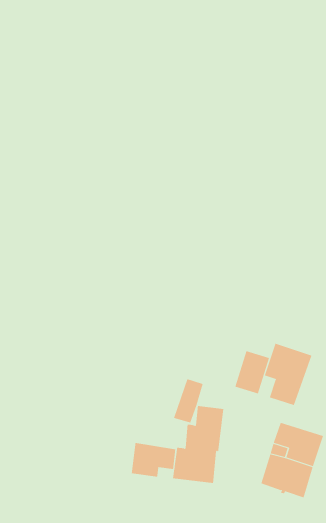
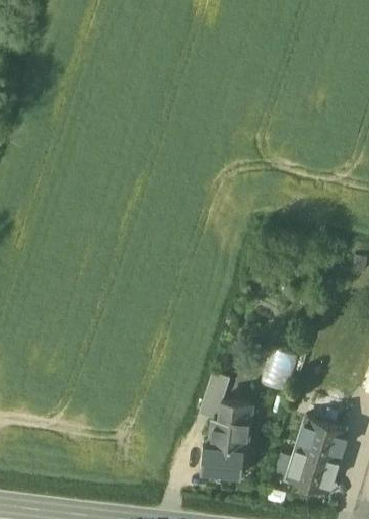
building: [264,343,312,406] -> none
building: [131,442,176,477] -> none

